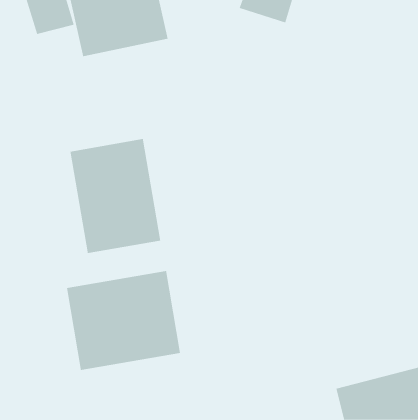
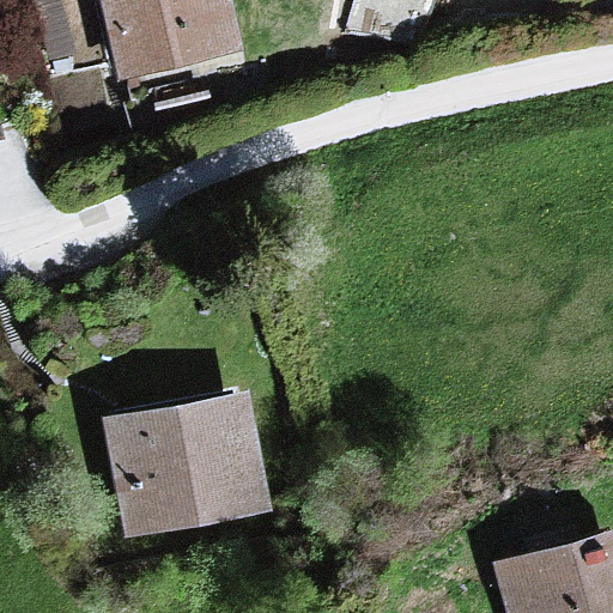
building: [70,138,161,254] -> none

